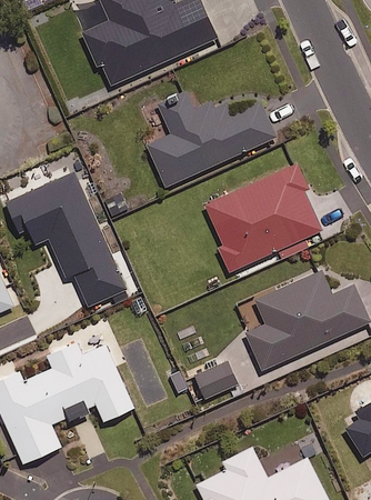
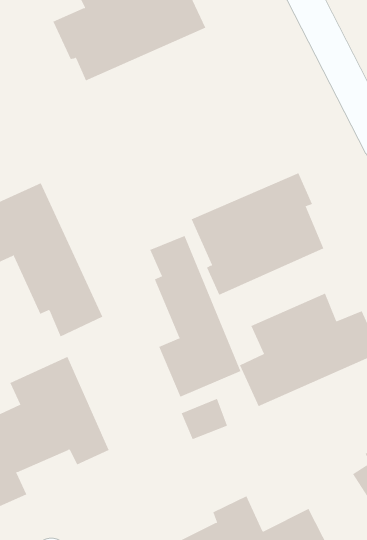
building: [146,99,275,187] -> none
building: none -> [150,235,241,398]

